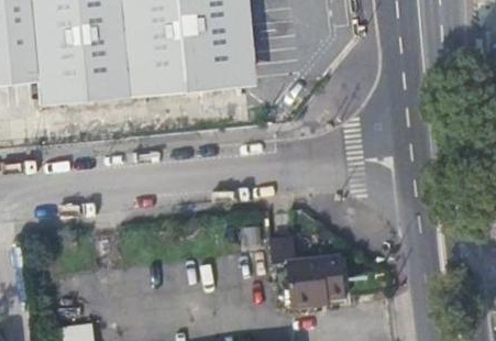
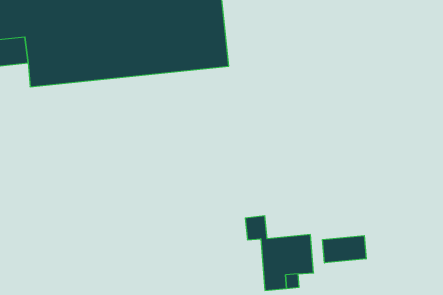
building: none -> [323,236,366,263]

